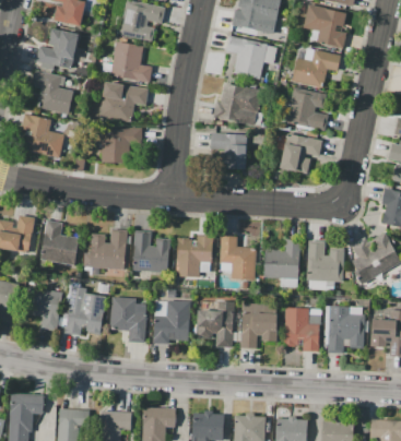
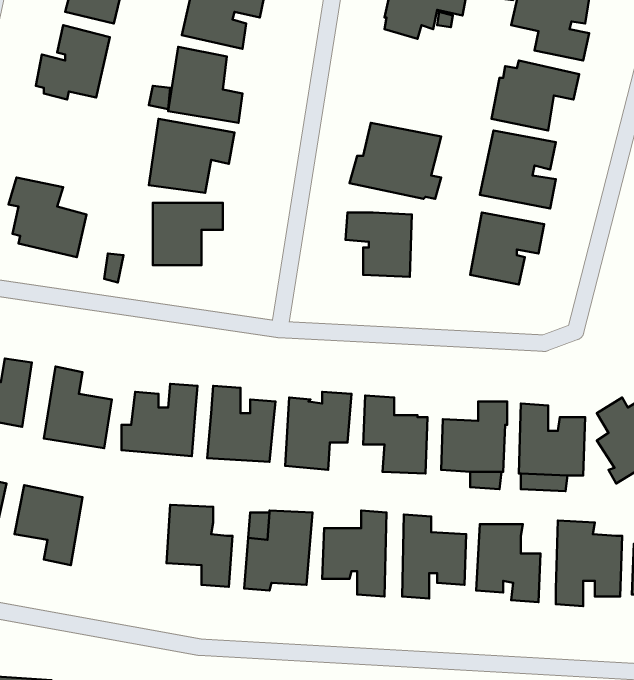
building: [225,36,276,80] -> none
building: [32,70,73,115] -> none
building: [64,286,106,334] -> none

